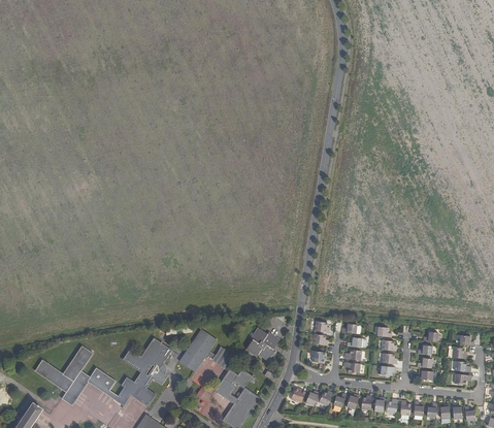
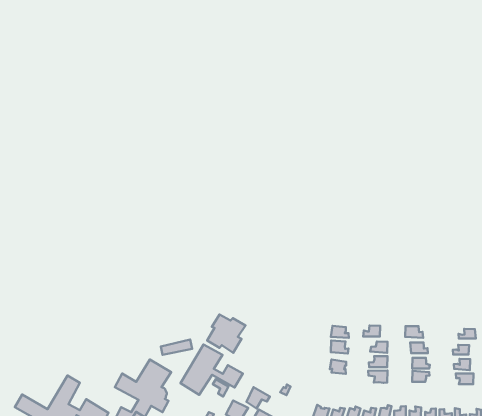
building: [245,327,279,361] -> [207,314,245,353]

